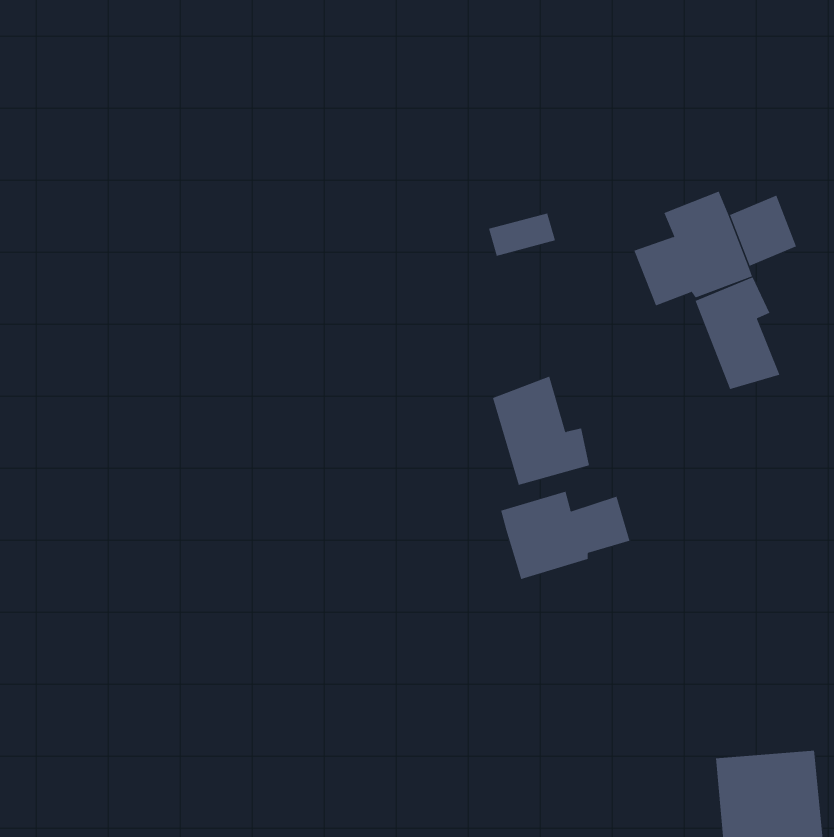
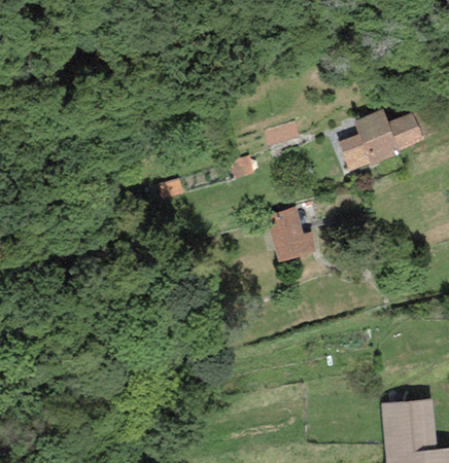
building: [695,276,780,390] -> none
building: [500,491,630,580] -> none

